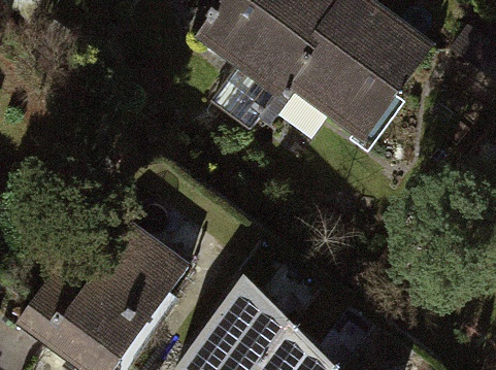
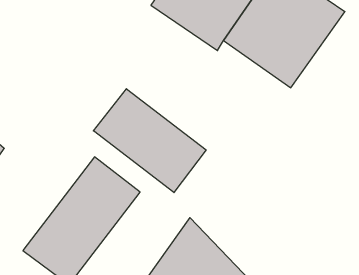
building: none -> [93,89,206,193]

